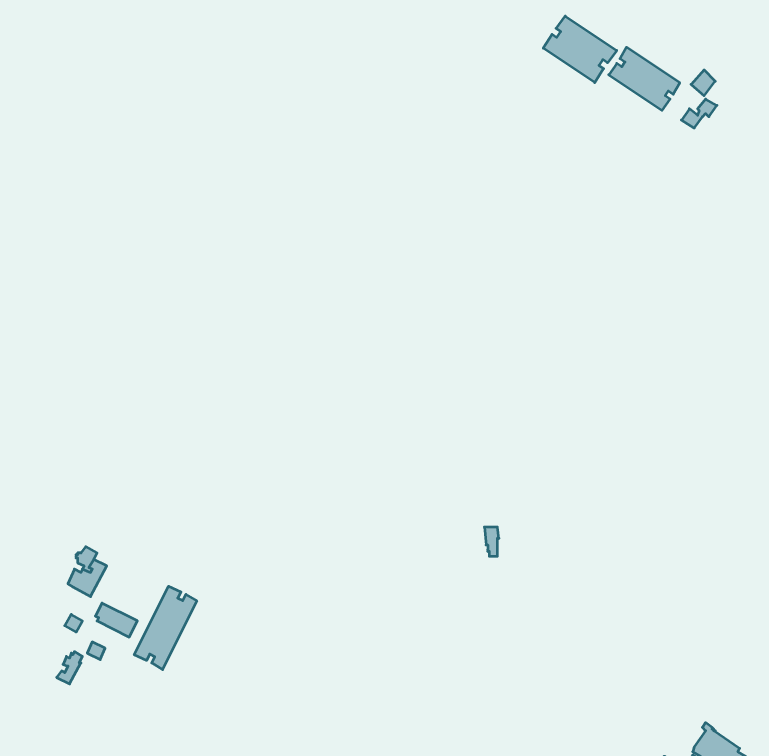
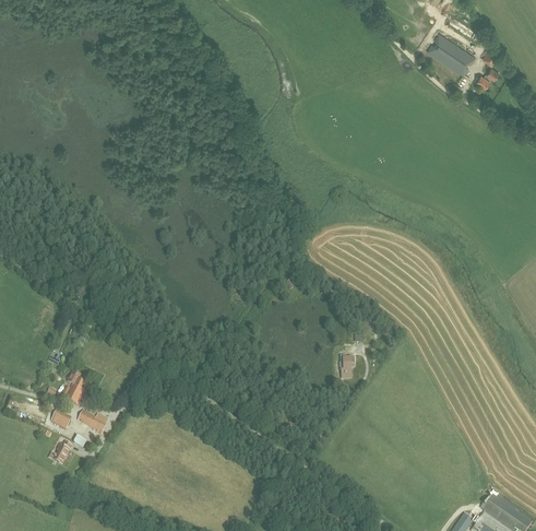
building: [543,16,617,83] -> none
building: [134,586,197,670] -> none

